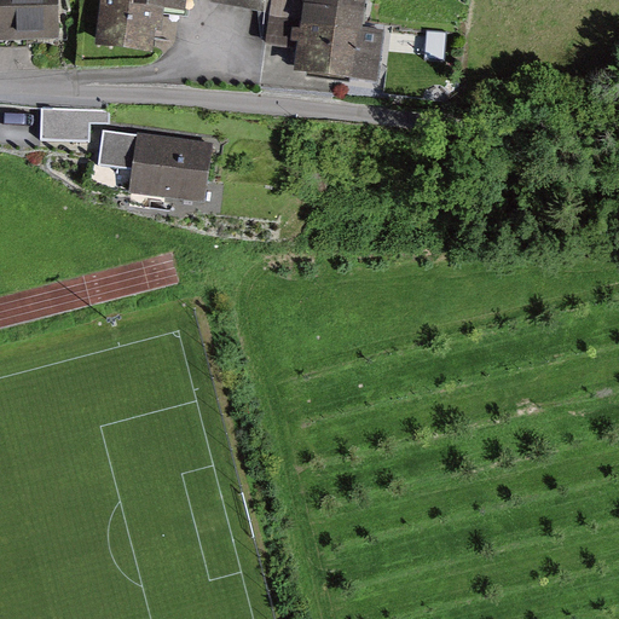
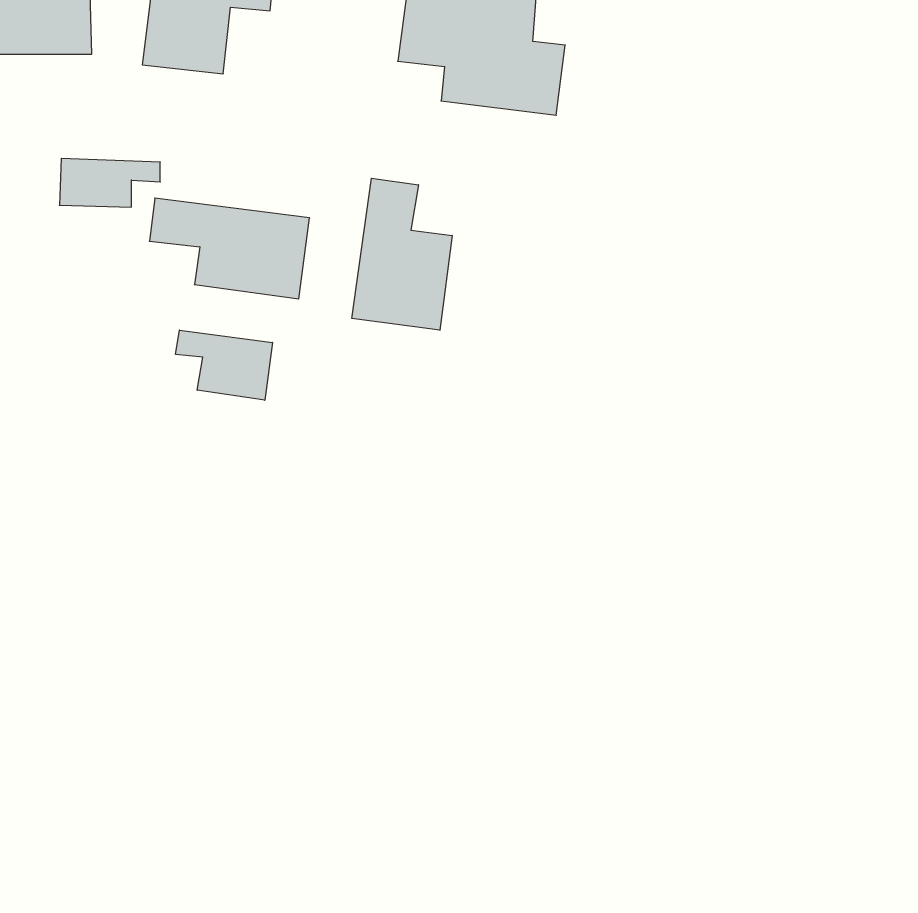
building: none -> [352,178,452,330]
building: none -> [176,330,272,400]

